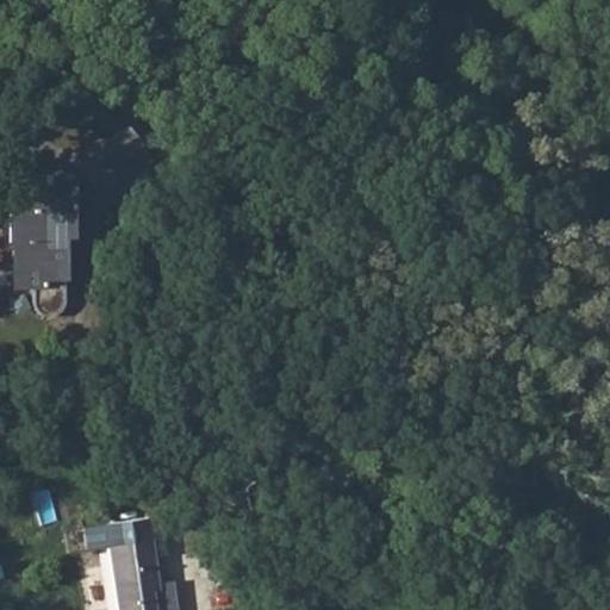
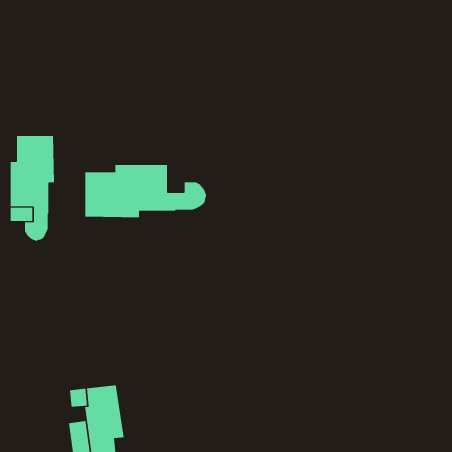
building: none -> [85,164,207,218]

